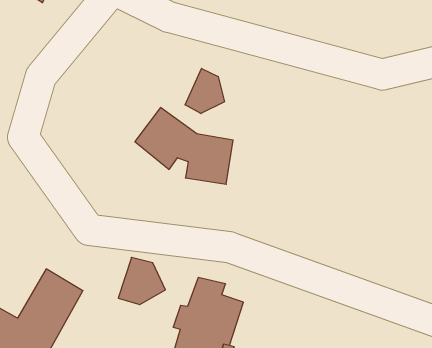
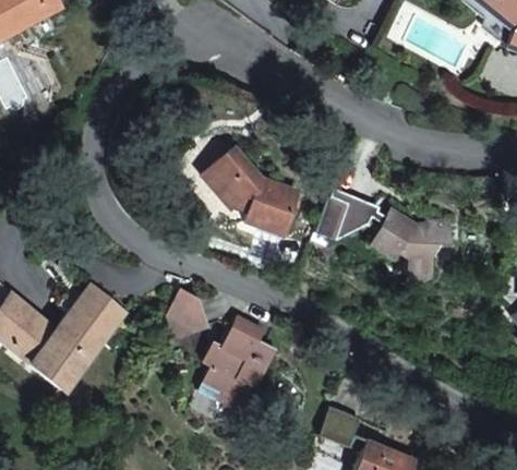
building: [185,68,225,114] -> none
building: none -> [316,190,454,282]

